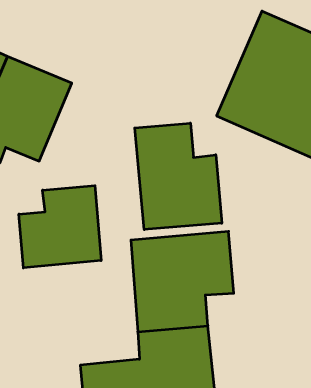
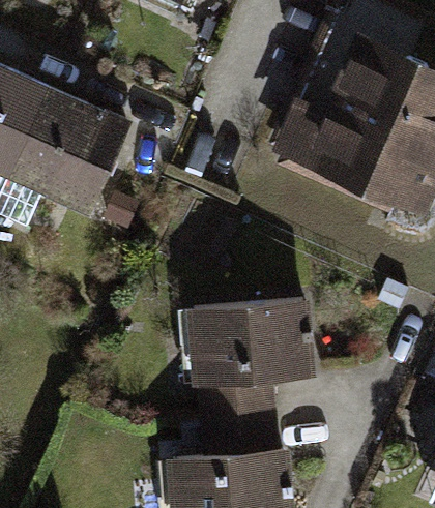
building: [135,123,222,230] -> none
building: [19,186,101,268] -> none

